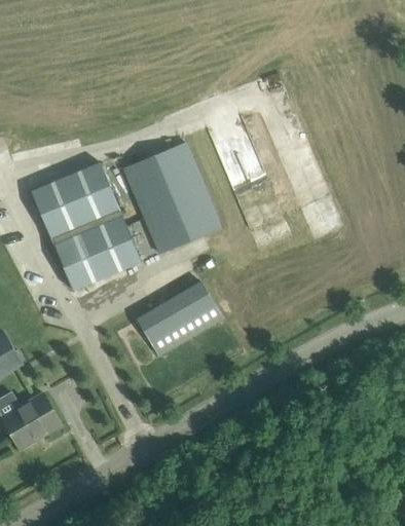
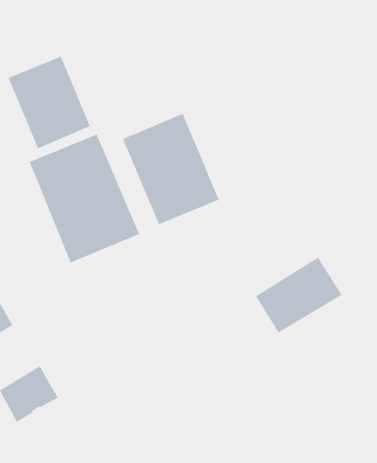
building: none -> [8,56,90,149]
building: [136,280,222,356] -> [255,257,342,333]

